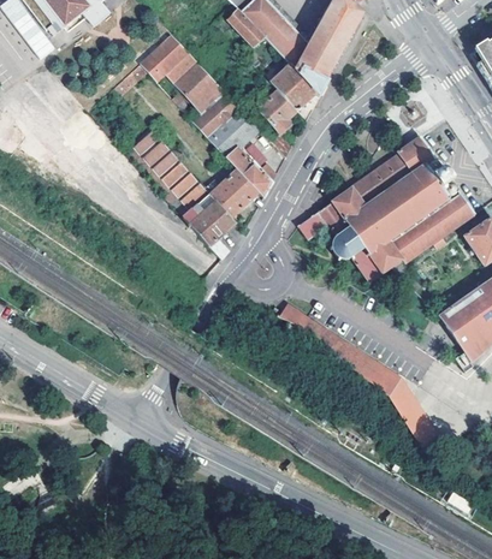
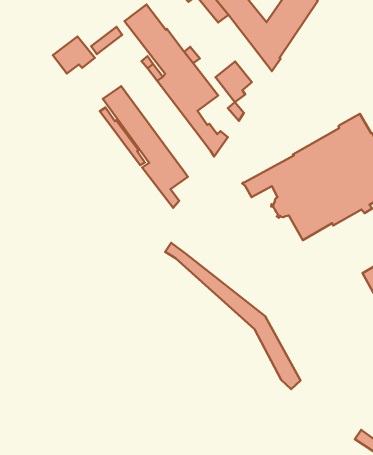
building: [271,65,316,111] -> none
building: none -> [53,36,95,73]
building: [211,170,257,216] -> none
building: [281,304,445,457] -> [165,243,301,389]

